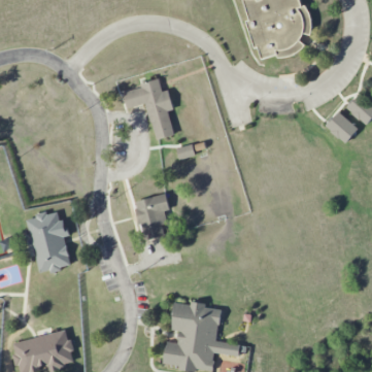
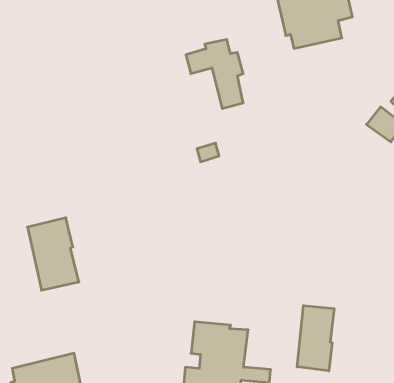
building: [123,78,173,139] -> [186,40,243,109]
building: [134,193,169,240] -> none
building: none -> [297,306,334,371]

